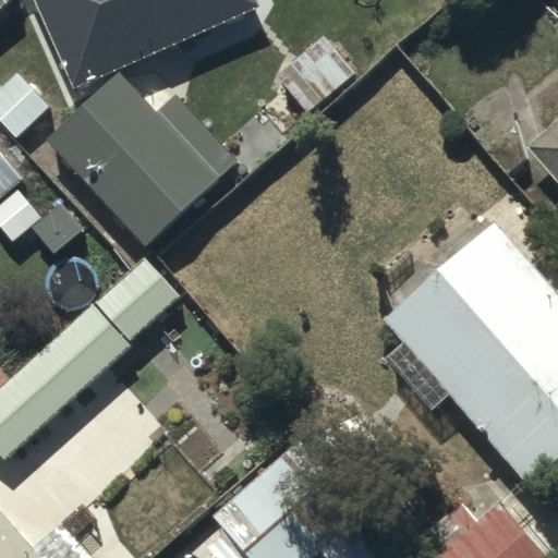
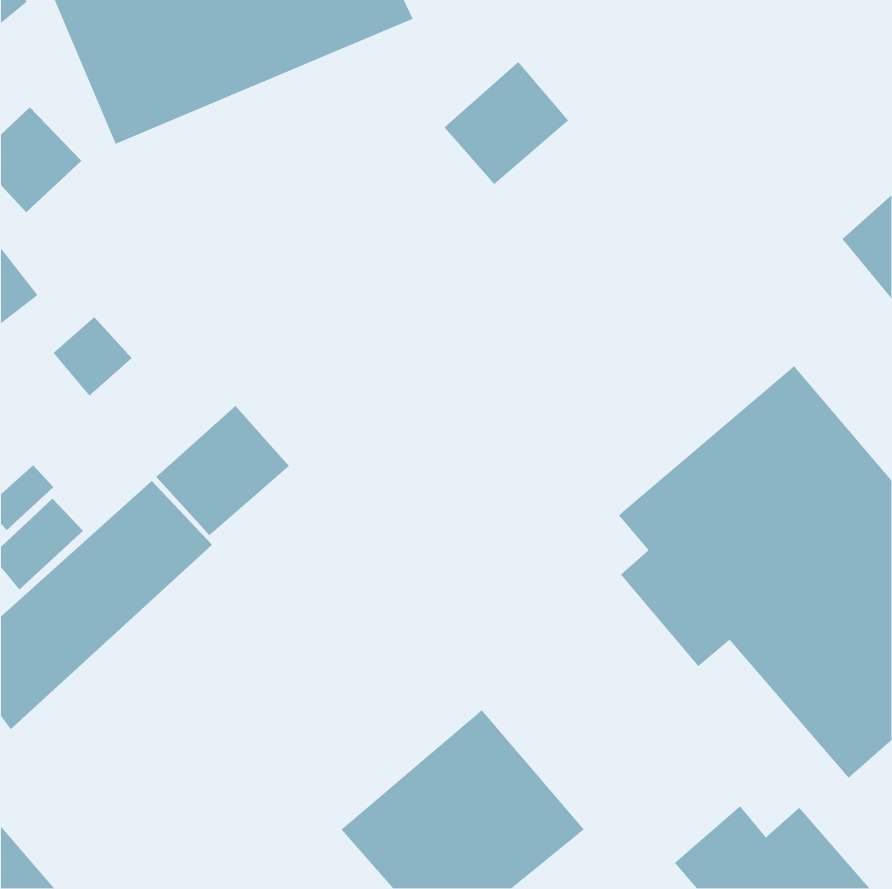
building: [50,78,239,252] -> none

